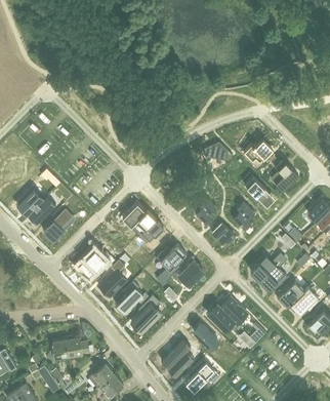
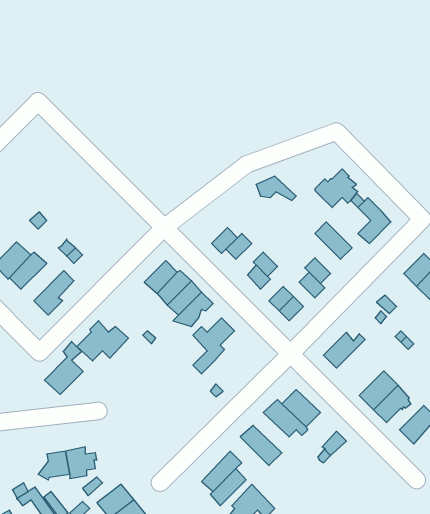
building: [98,258,126,296] -> [44,341,83,394]
building: [259,259,288,288] -> none
building: [172,260,204,284] -> none
building: [116,280,143,313] -> none
building: [132,294,161,332] -> none

